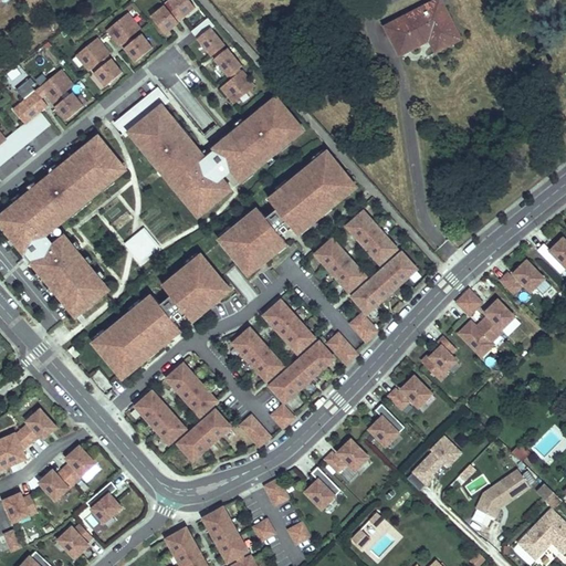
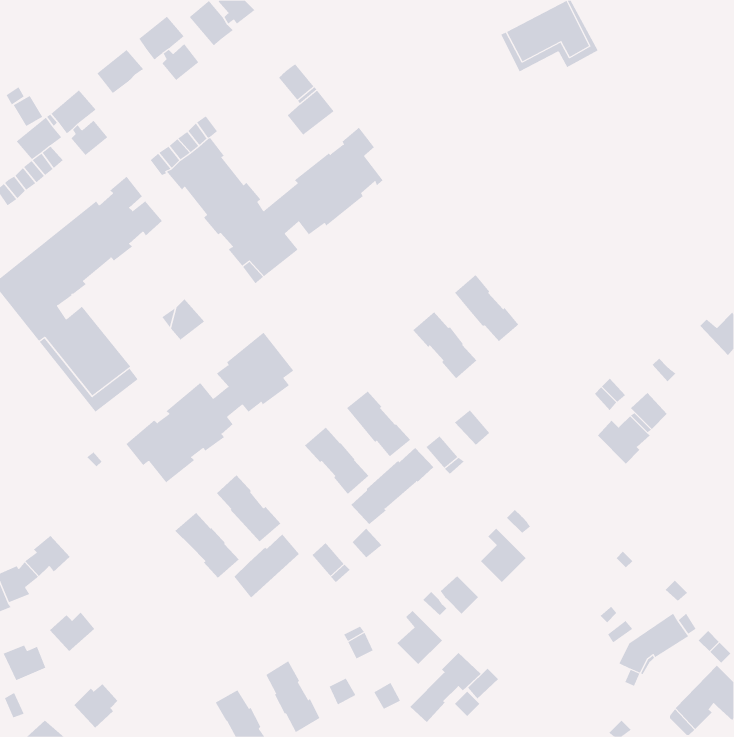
building: [192,20,224,56] -> none
building: [93,57,123,86] -> none
building: [222,153,352,268] -> none
building: [354,253,418,313] -> none
building: [512,261,542,292] -> none
building: [420,336,454,380] -> none
building: [400,378,430,408] -> none
building: [405,437,460,491] -> [409,652,481,723]
building: [62,447,93,482] -> none
building: [85,482,119,523] -> none

